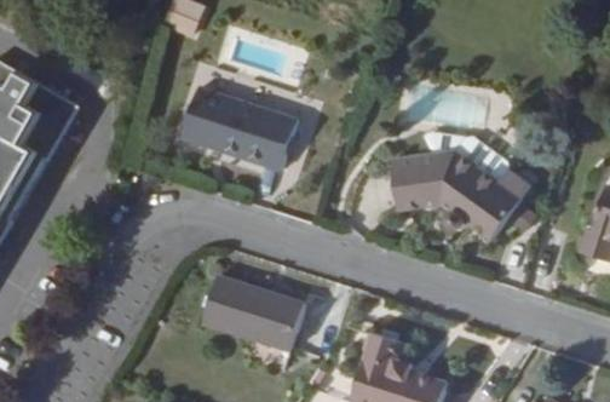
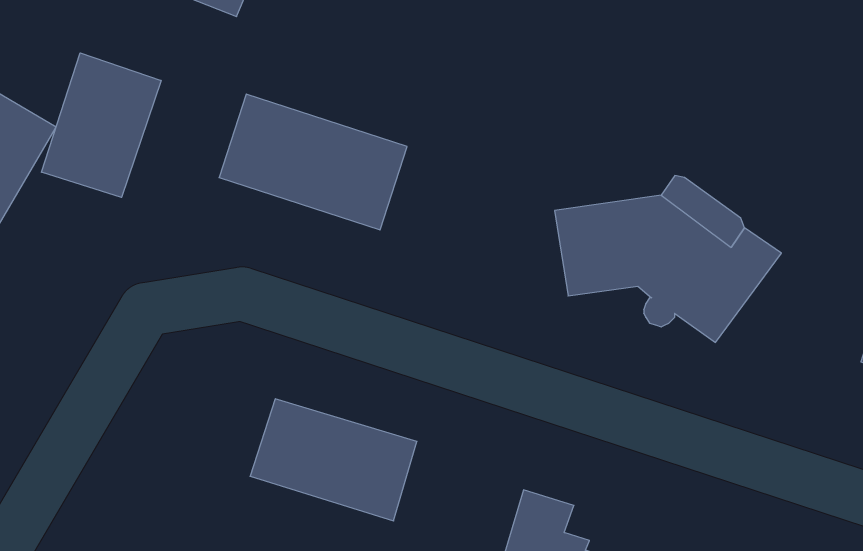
building: none -> [41,53,161,197]

